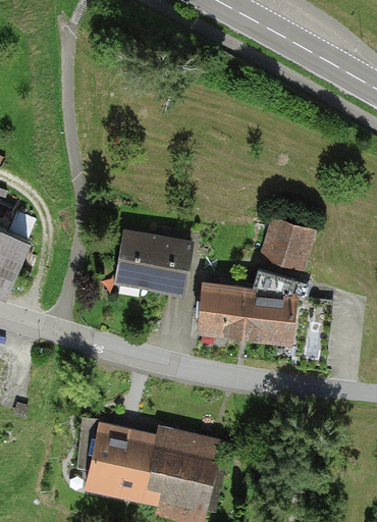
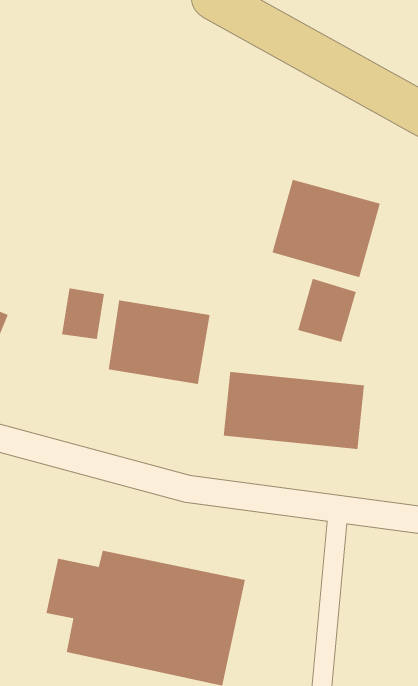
building: none -> [271,179,381,278]
building: none -> [61,287,105,340]

